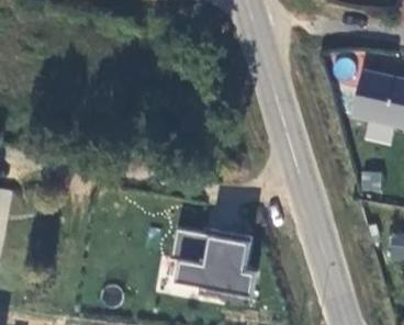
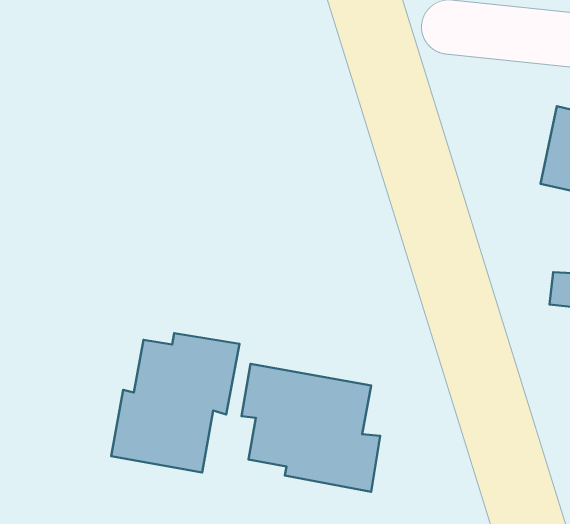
building: none -> [111,333,240,472]

